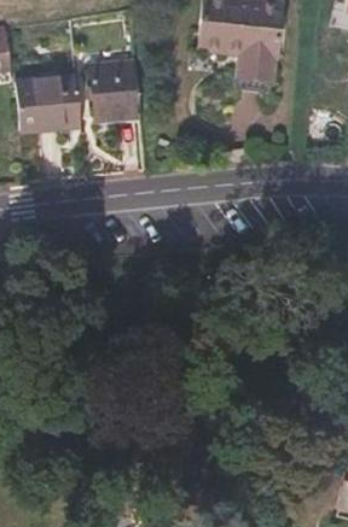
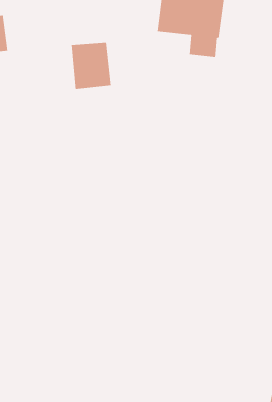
building: [17,77,81,133] -> none

